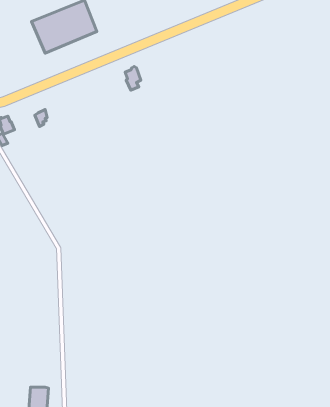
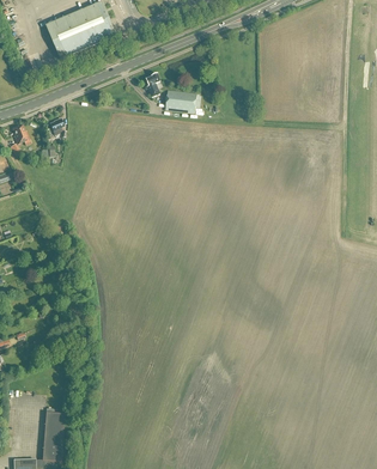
building: none -> [165,90,197,112]

